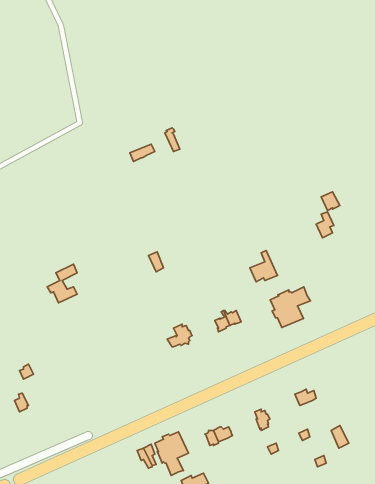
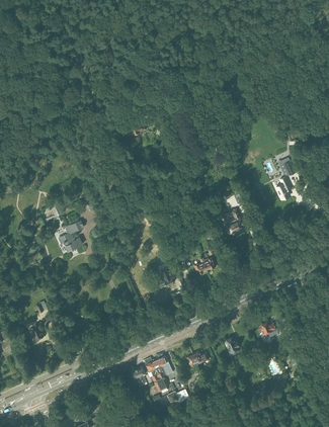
building: [270,287,310,328] -> none

